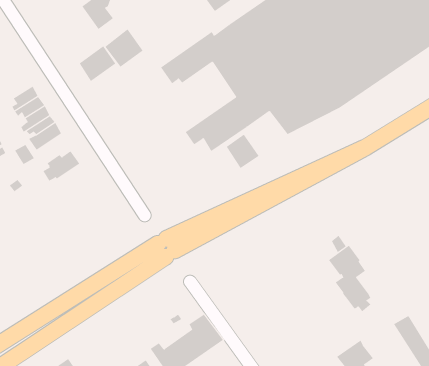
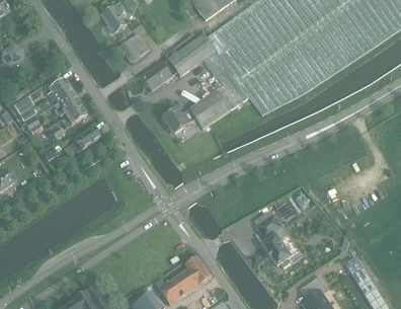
building: [79,45,116,82] -> [143,62,172,90]
building: [226,134,260,169] -> [163,106,189,134]
building: [328,245,371,312] -> [257,215,291,267]

